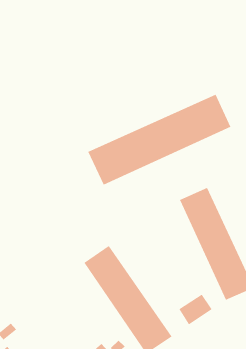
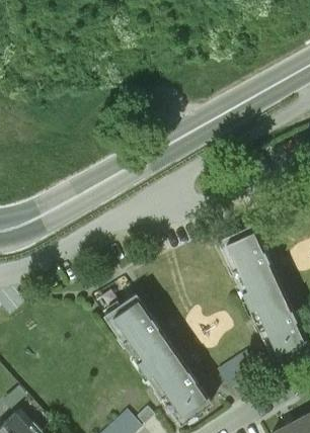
building: [87,94,231,185] -> none

